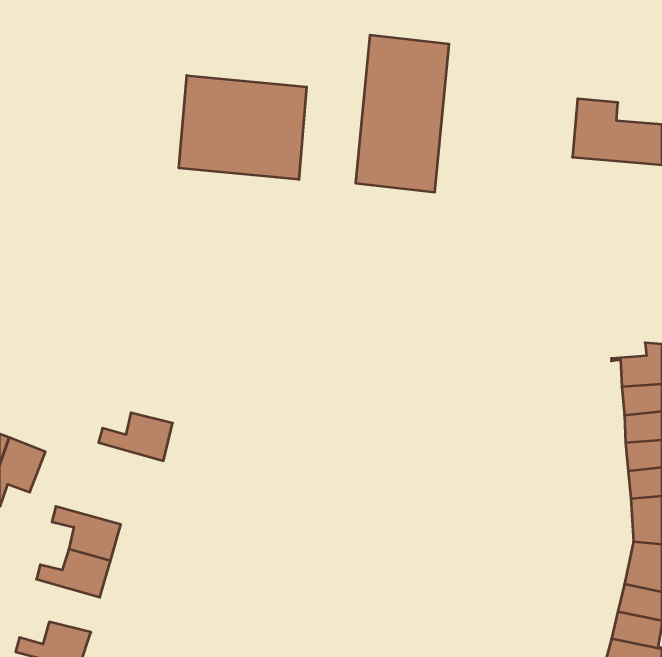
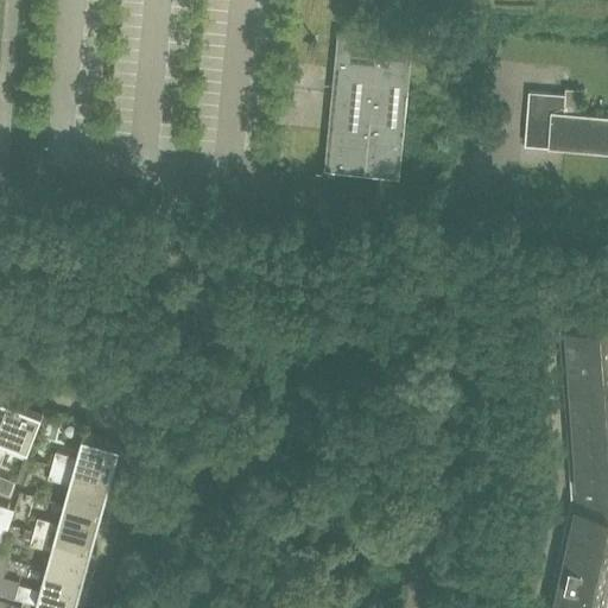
building: [179,75,307,180] -> none
building: [99,413,173,461] -> [51,442,119,486]
building: none -> [21,532,91,584]

